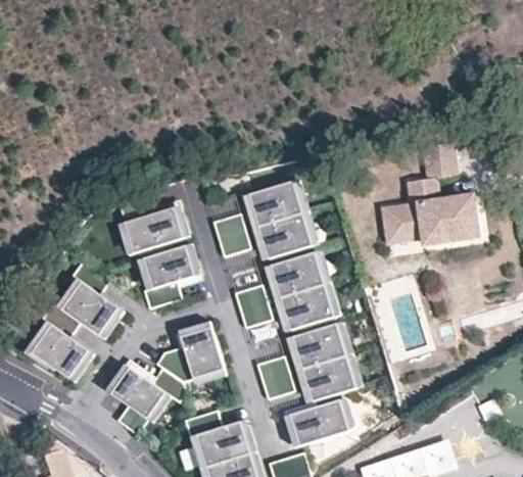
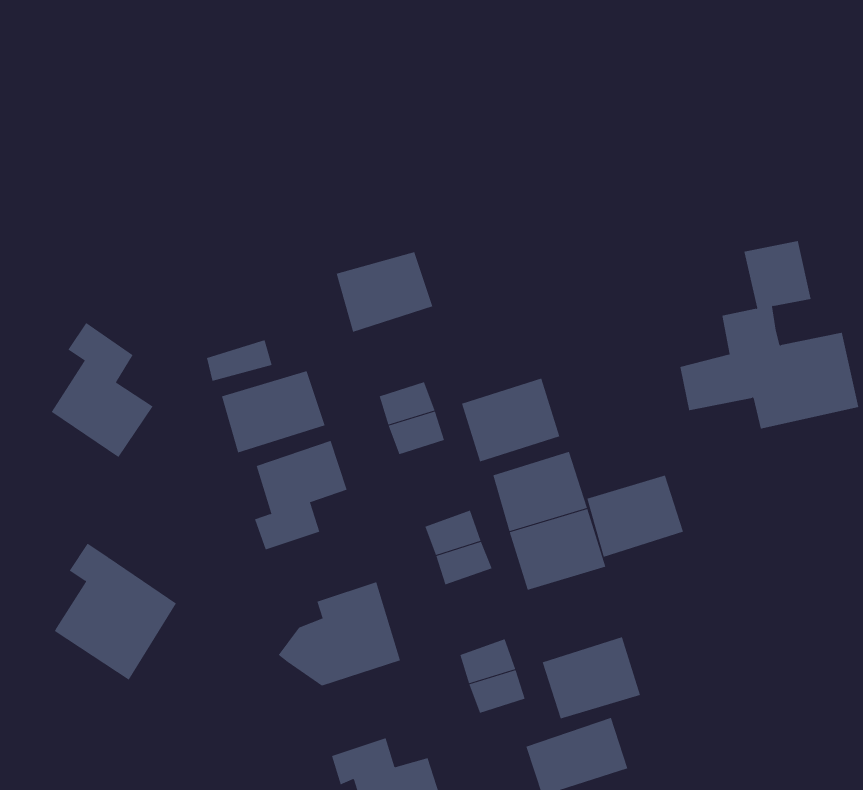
building: [248,181,302,226] -> [336,252,433,332]
building: [61,261,118,337] -> [51,322,154,458]
building: [293,324,347,370] -> [587,475,684,557]
building: [111,369,188,434] -> none

